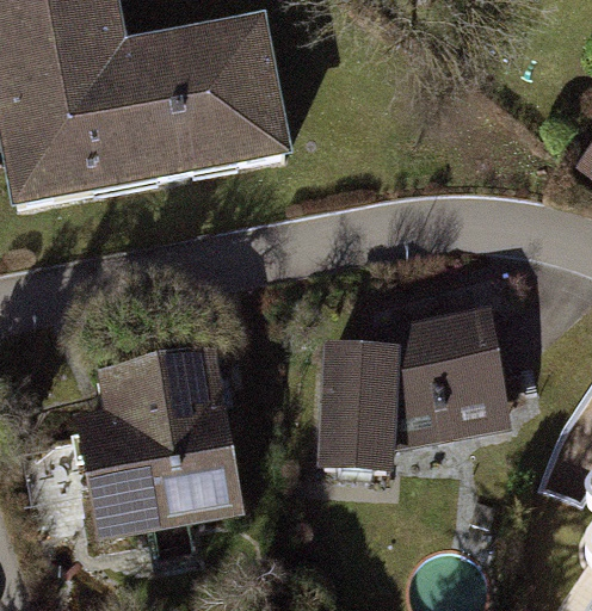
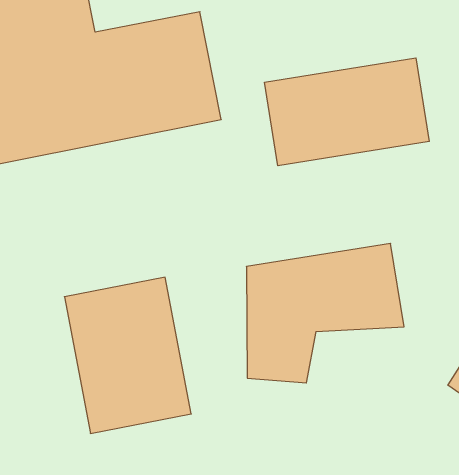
building: none -> [265,58,429,166]

